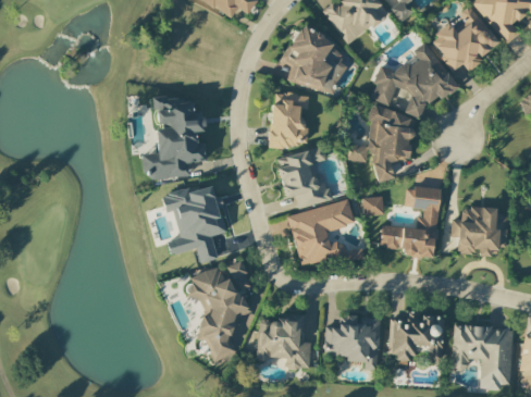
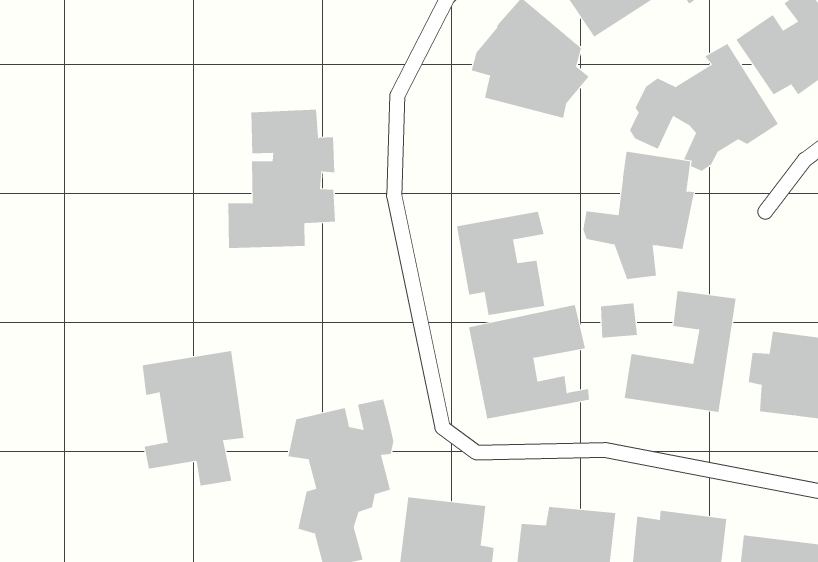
building: [270,92,309,147] -> none
building: [162,183,224,262] -> [142,350,245,486]

